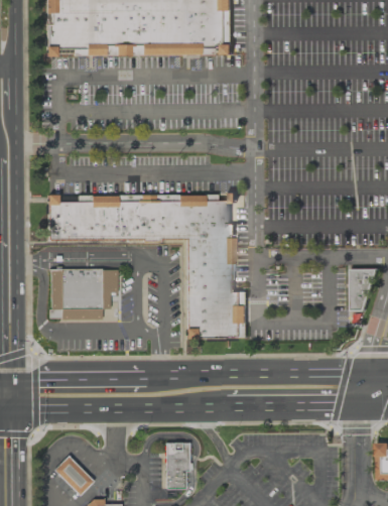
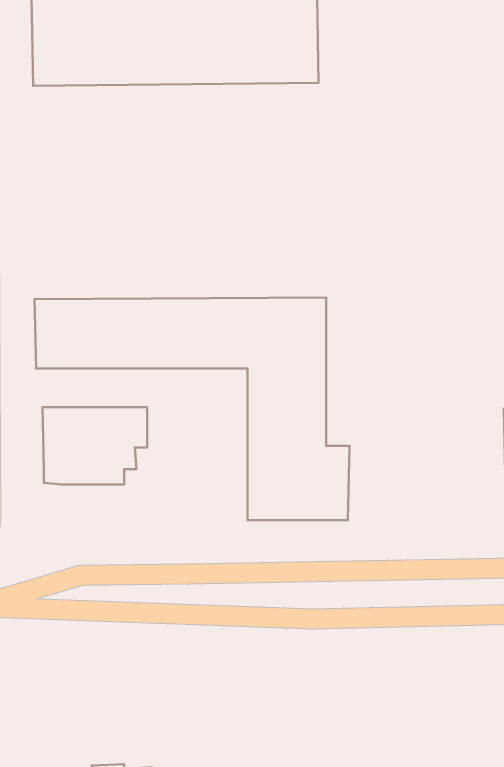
building: [164,440,188,488] -> none
building: [52,454,92,493] -> none

